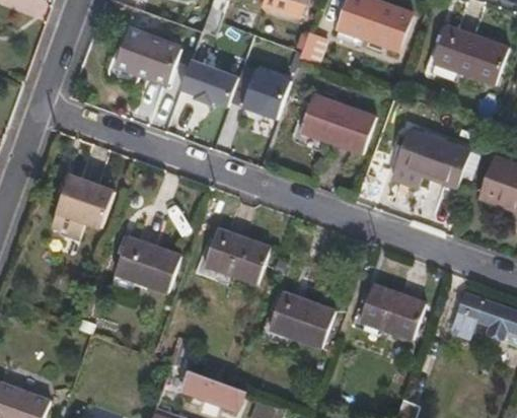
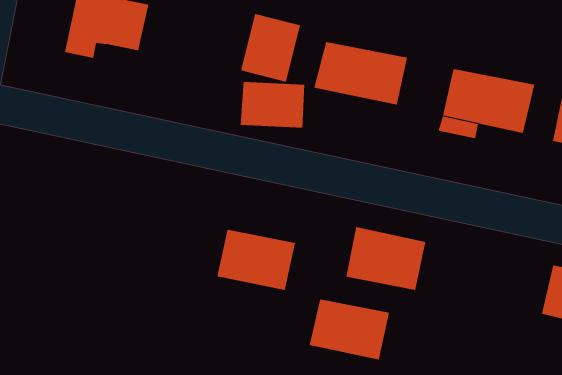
building: [183,64,238,107] -> [240,81,305,128]
building: [56,176,114,228] -> none
building: [114,237,179,291] -> none
building: [358,284,424,340] -> [346,227,426,290]

